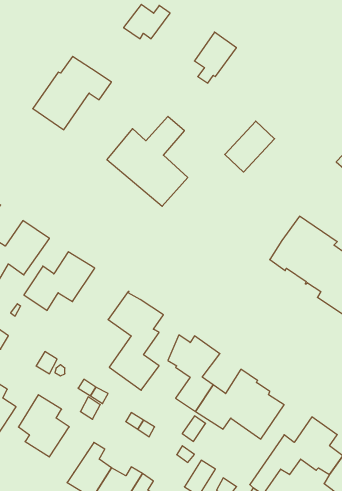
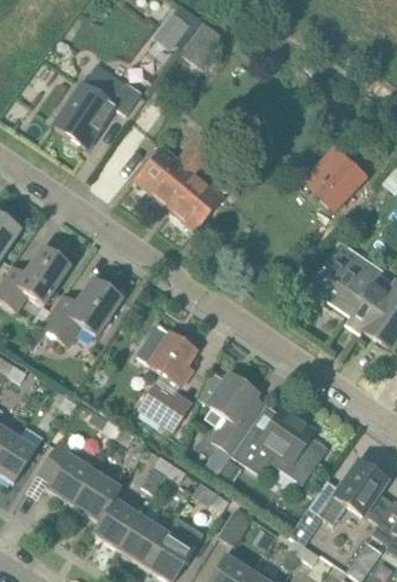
building: [194,32,236,83] -> [182,21,228,76]
building: [225,121,275,172] -> [313,154,368,209]
building: none -> [71,471,120,520]

